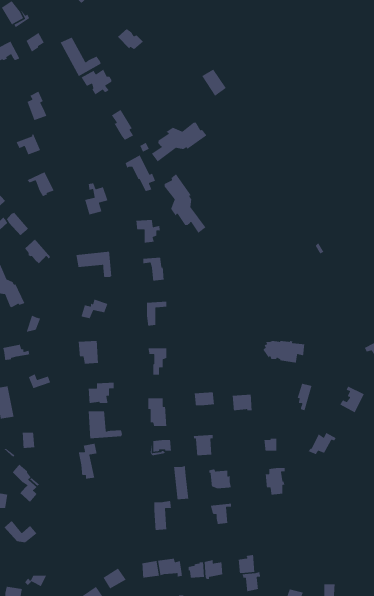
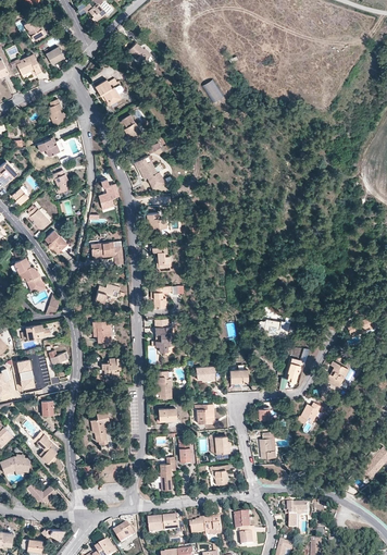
building: [59,36,101,77] -> none
building: [151,122,208,163] -> none
building: [164,173,207,234] -> none
building: [88,411,123,439] -> none
building: none -> [283,504,309,529]

